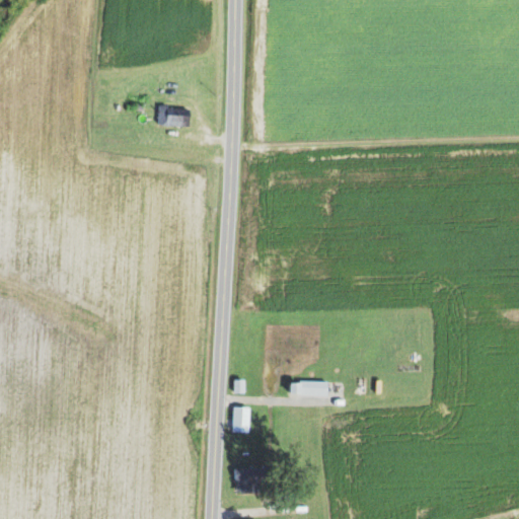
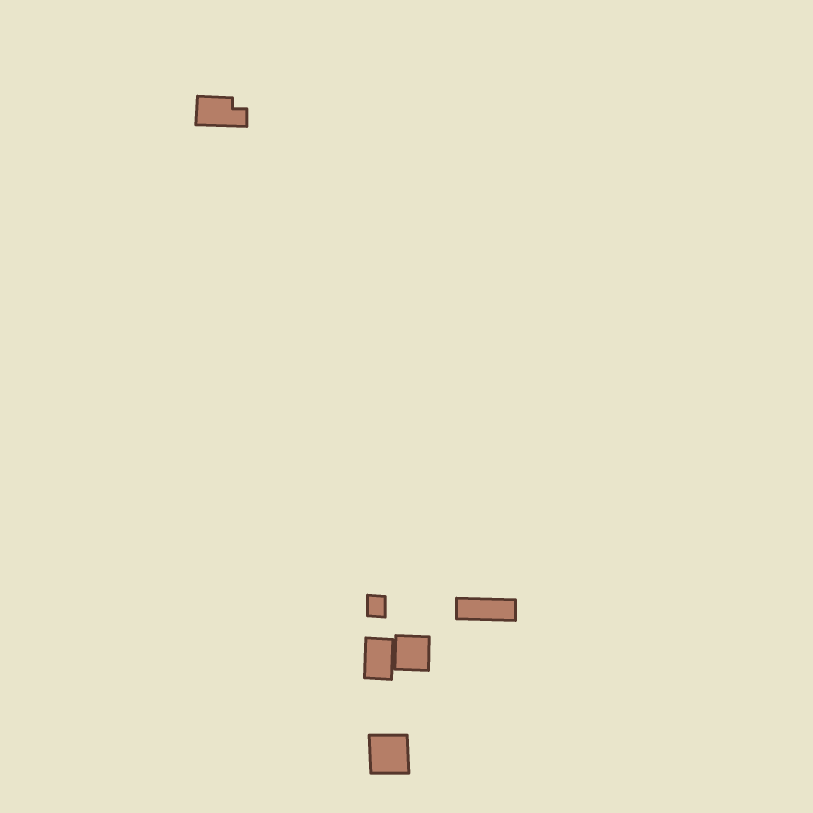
building: [157,106,190,126] -> [196,96,247,126]
building: none -> [395,635,429,671]

